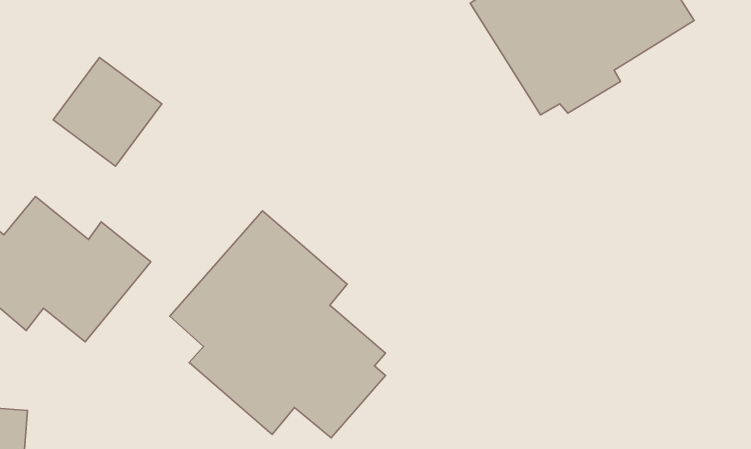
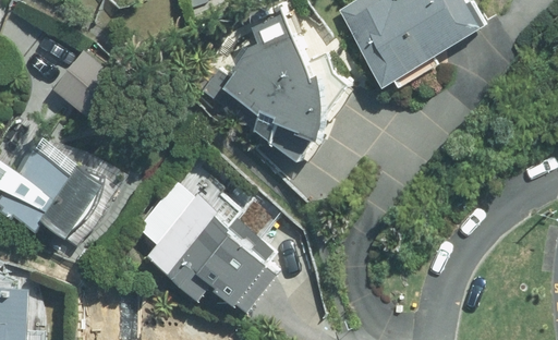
building: none -> [217,25,349,161]

